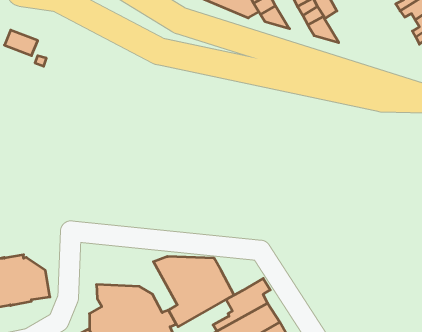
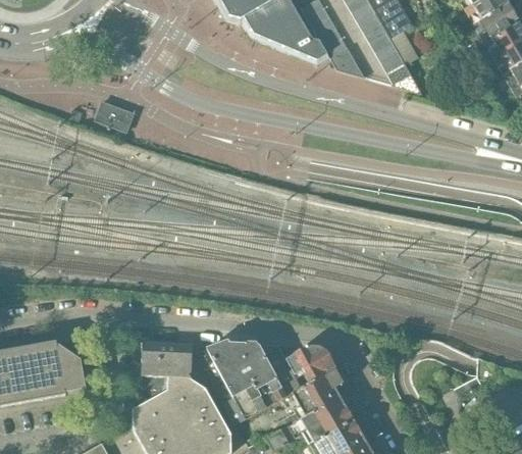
building: [4,30,38,56] -> [95,102,134,132]
building: none -> [141,343,193,377]
building: none -> [285,346,334,388]

